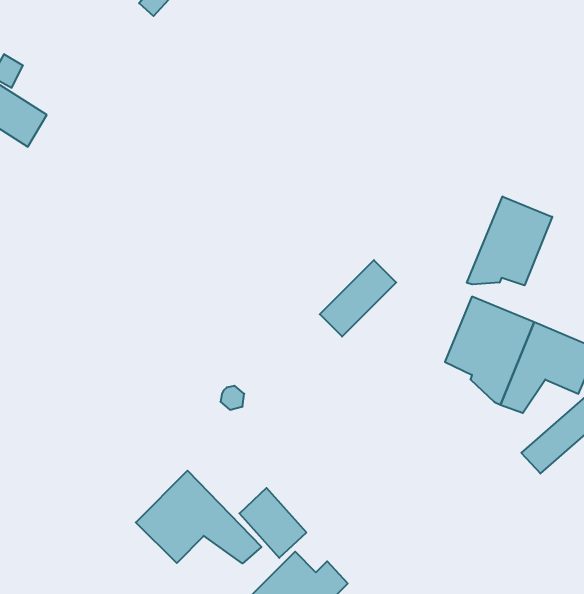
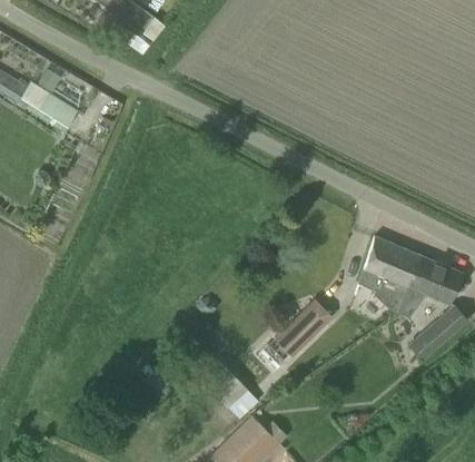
building: [467,196,552,285] -> none
building: [320,260,396,337] -> [277,302,330,355]
building: [136,471,261,563] -> none

